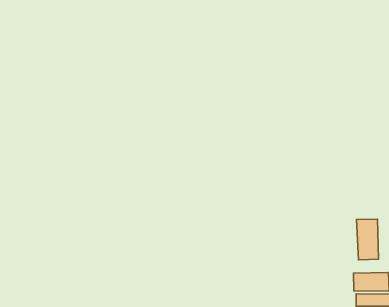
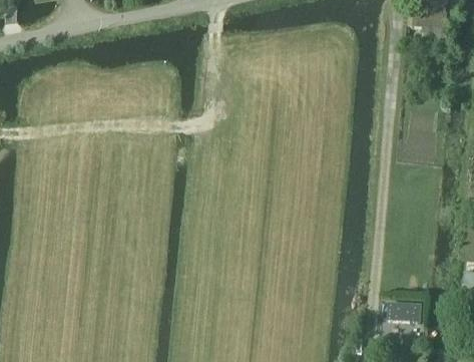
building: [357,219,378,260] -> none

